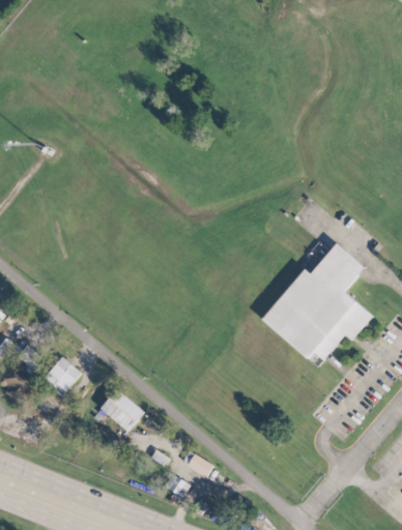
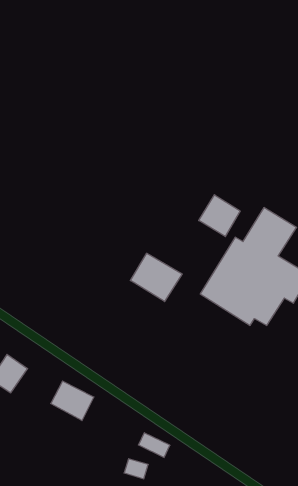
building: none -> [199,195,240,237]
building: none -> [130,253,182,302]

